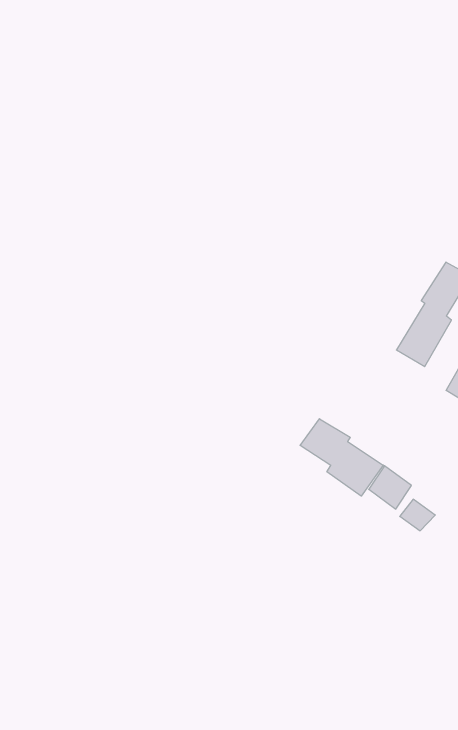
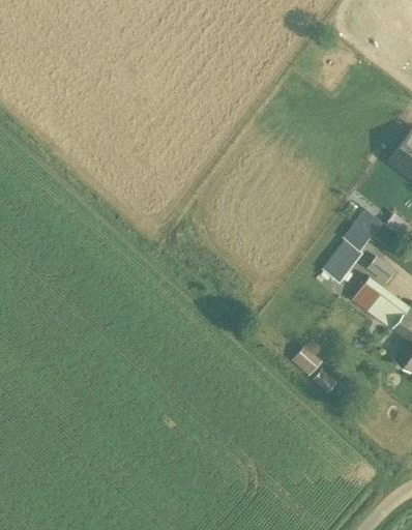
building: [300,419,383,496] -> none

